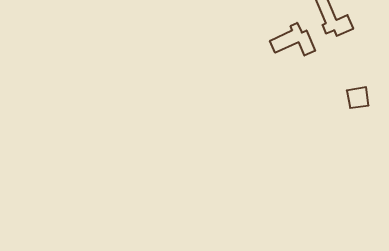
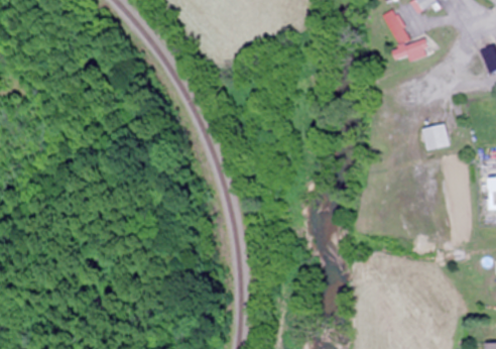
building: [270,23,315,56] -> none

